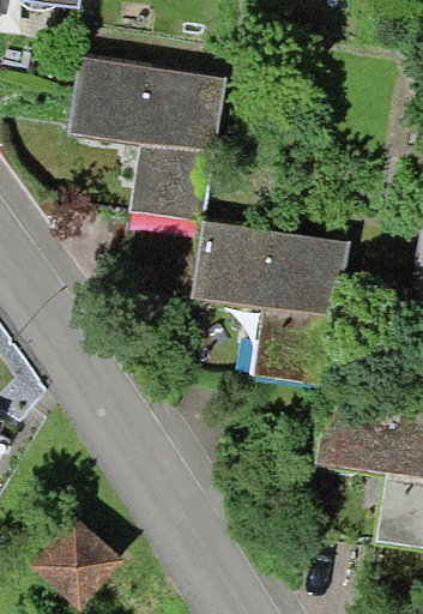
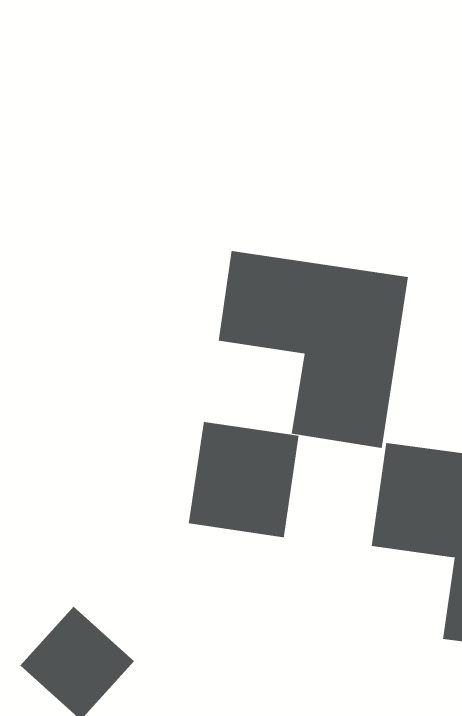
building: [67,58,224,223] -> none
building: none -> [188,421,299,538]

